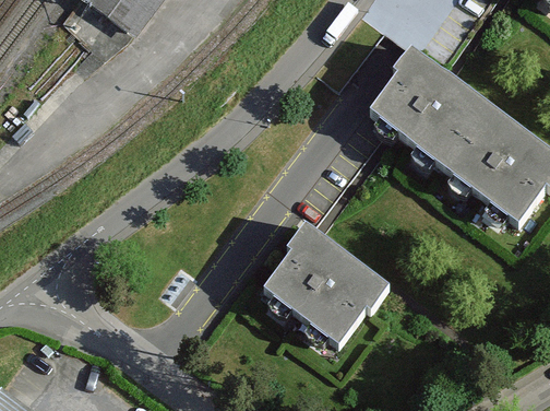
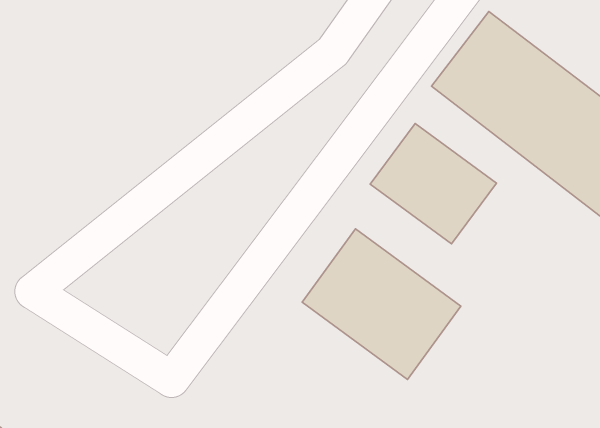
building: none -> [370,124,496,244]

